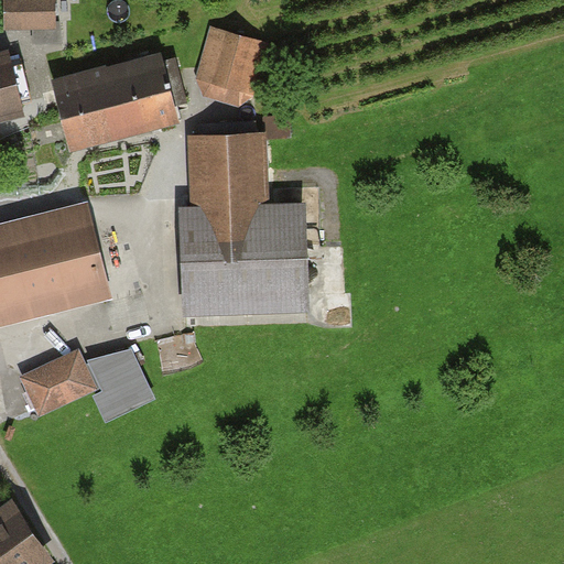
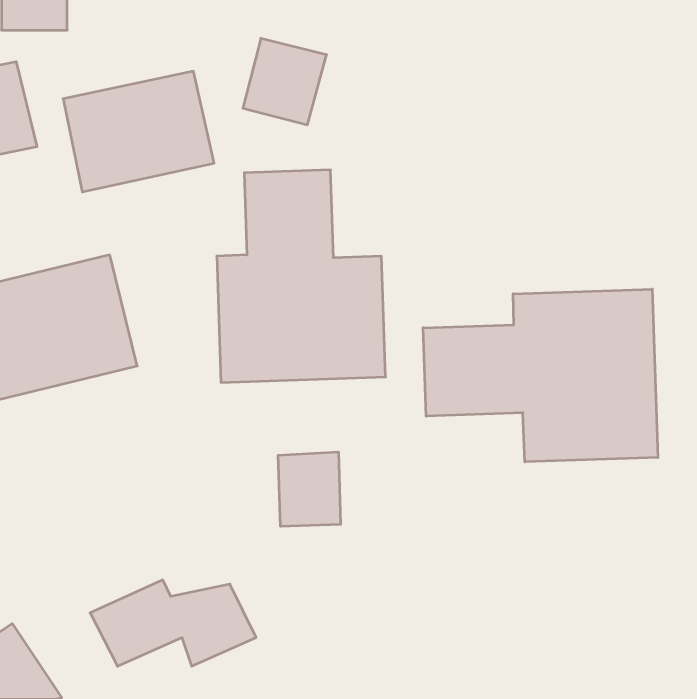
building: none -> [423,289,658,462]
building: [20,345,153,414] -> [90,580,256,666]
building: none -> [278,452,341,526]

